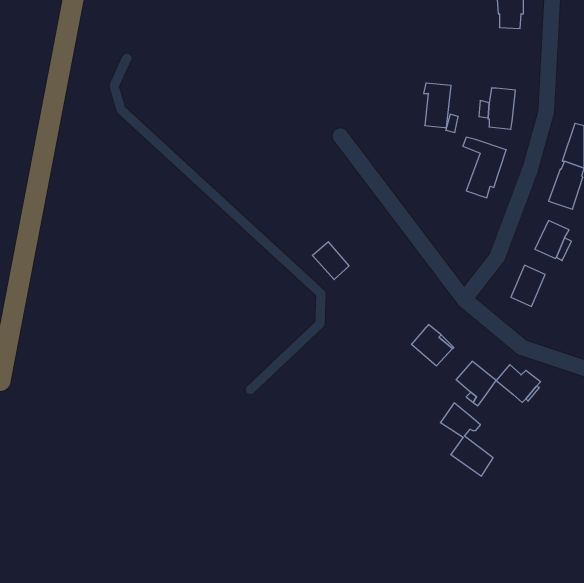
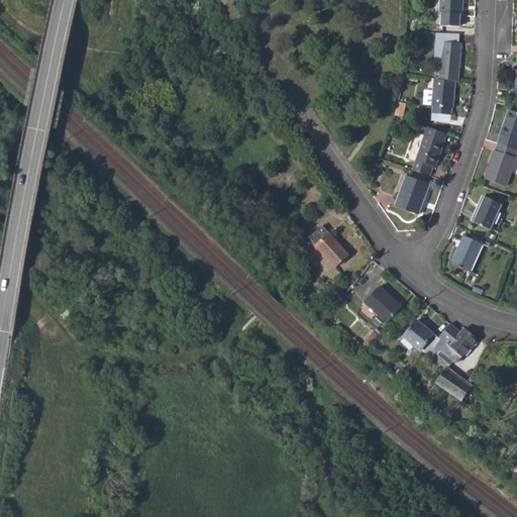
building: [424,83,451,128] -> [437,40,461,80]
building: none -> [395,175,429,213]
building: [312,242,349,280] -> [316,232,348,266]
building: [440,403,493,476] -> [426,336,473,401]

